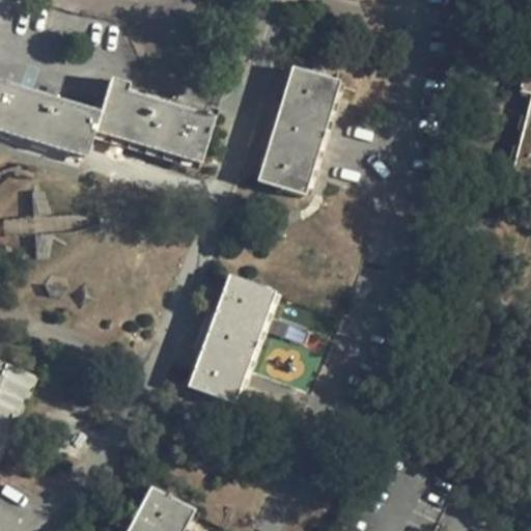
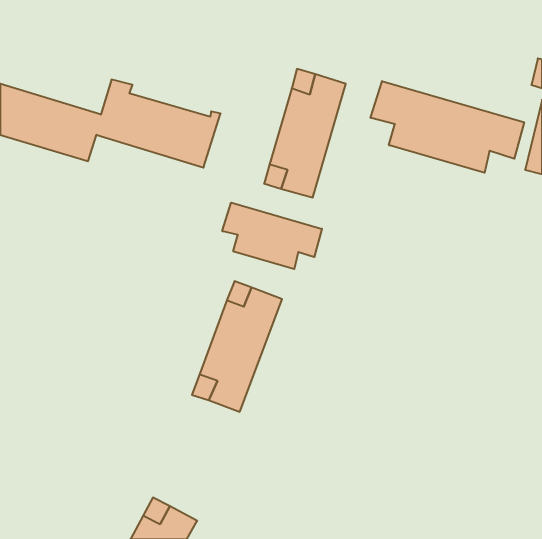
building: none -> [371,81,524,173]
building: none -> [222,203,322,269]

